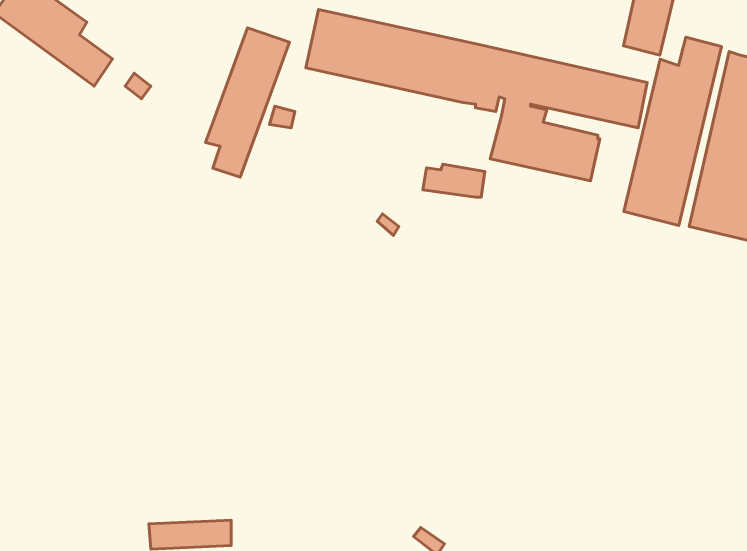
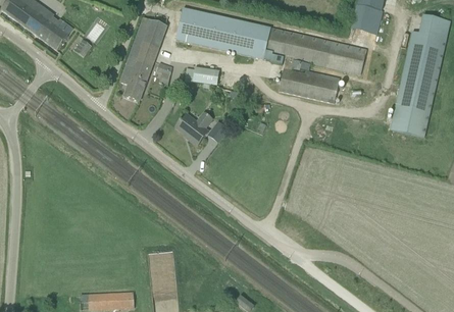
building: [624,37,722,226] -> none
building: [423,164,485,197] -> [184,66,218,85]
building: none -> [175,111,213,146]

